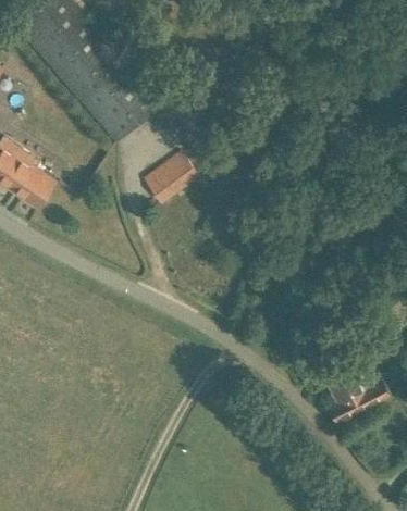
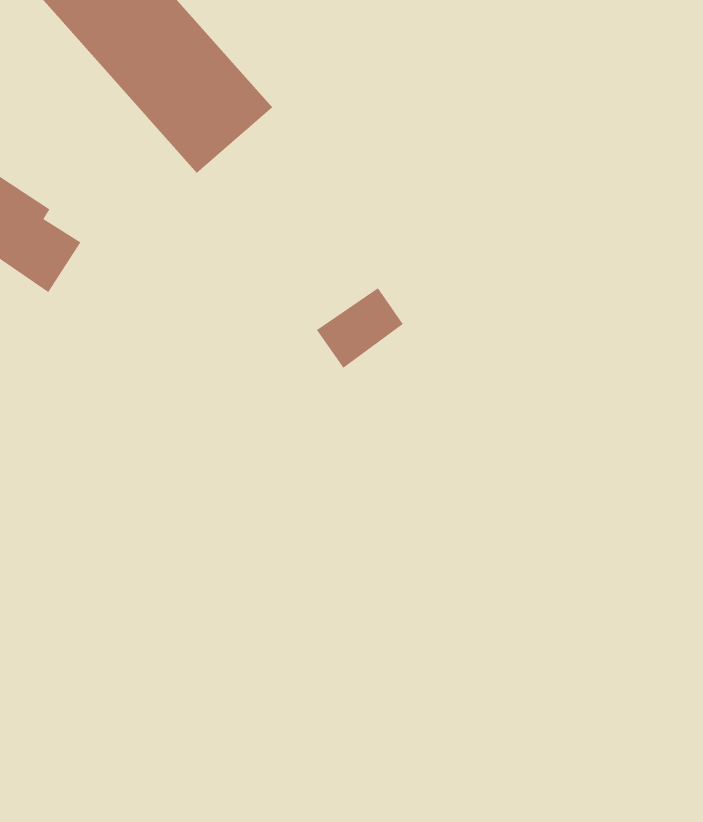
building: [146,157,195,202] -> [316,287,404,369]
building: [326,369,391,423] -> none

